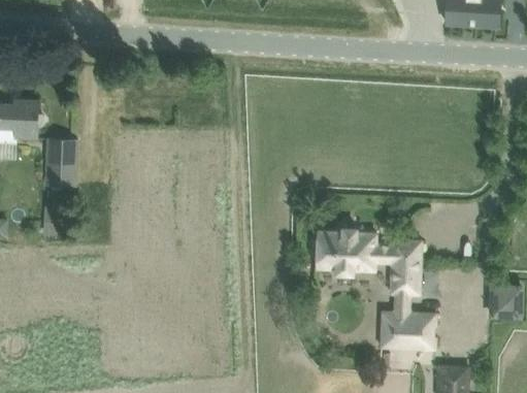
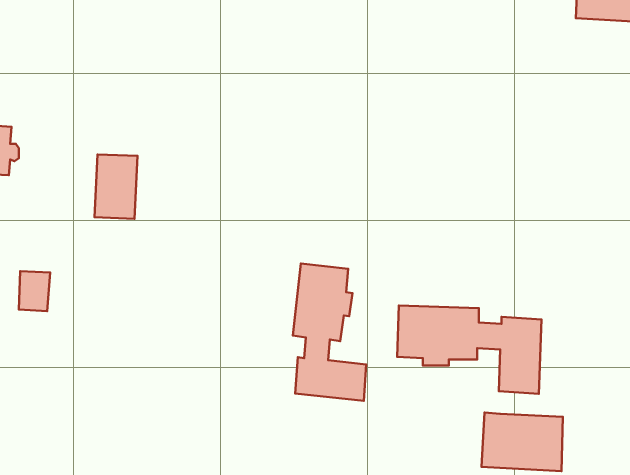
building: [46,139,77,186] -> [95,154,137,219]
building: none -> [293,263,366,401]

